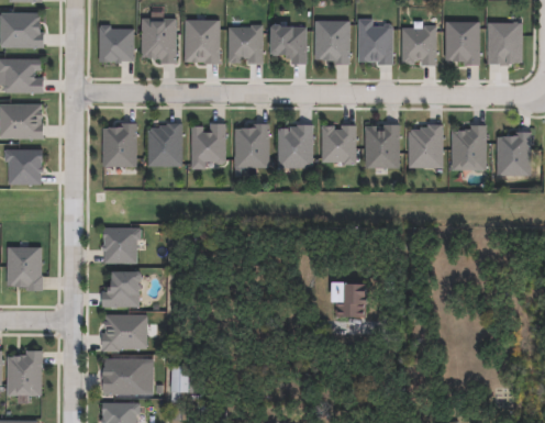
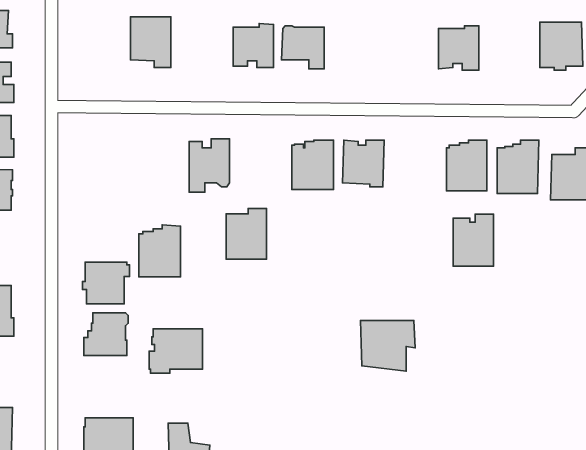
building: [358,20,393,64] -> none
building: [185,21,220,63] -> none
building: [314,22,349,64] -> none
building: [446,23,480,65] -> none
building: [99,26,134,63] -> none
building: [147,122,182,166] -> [139,225,180,277]
building: [102,123,136,166] -> none
building: [235,123,269,166] -> [226,209,266,259]
building: [365,123,399,167] -> [453,214,493,266]
building: [101,314,146,352] -> [149,329,202,373]

